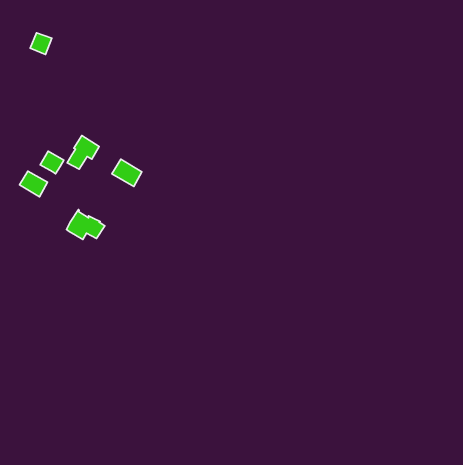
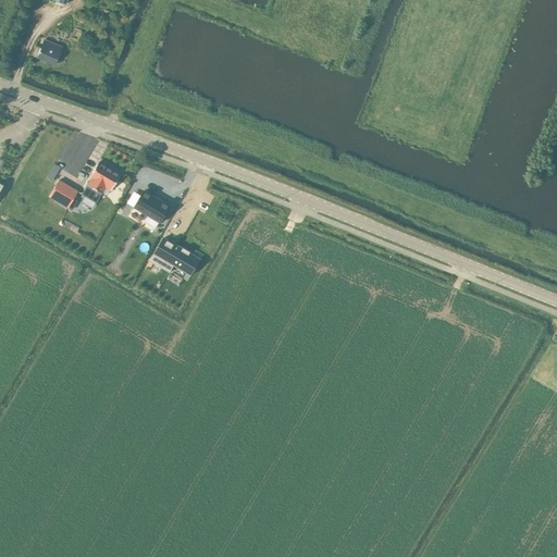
building: [19,171,48,197] -> none
building: [67,210,105,240] -> [152,237,198,273]

